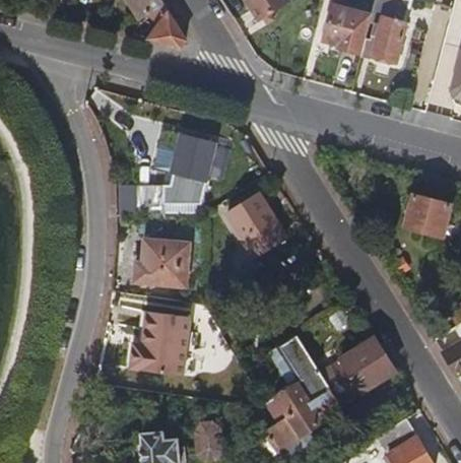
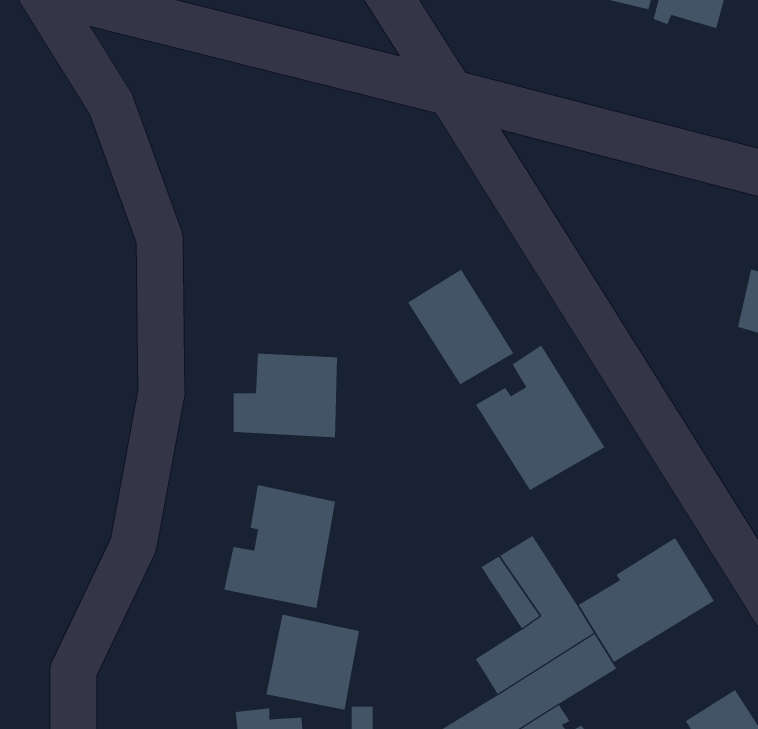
building: [139,134,215,215] -> none
building: none -> [475,345,605,491]
building: none -> [266,614,359,711]

